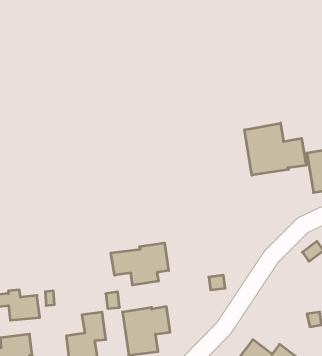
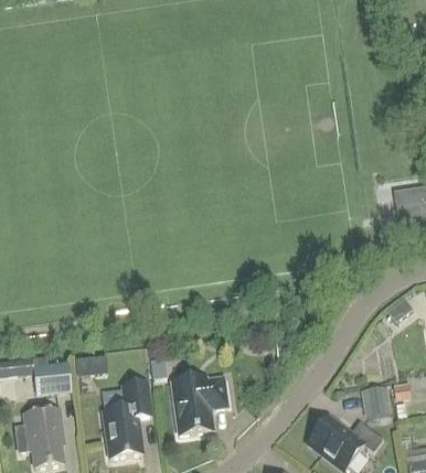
building: [245,123,306,175] -> none
building: [111,243,169,285] -> none
building: none -> [363,386,390,415]

